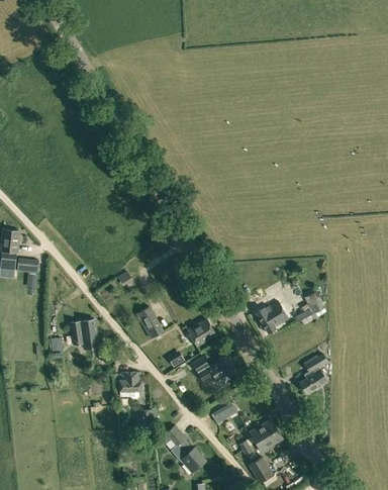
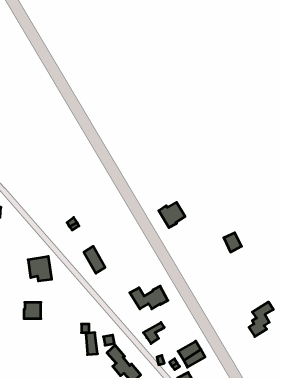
building: [256,303,287,333] -> [159,202,185,228]
building: [187,319,216,347] -> none
building: [299,353,328,394] -> [249,302,273,337]
building: [120,373,140,392] -> [24,302,41,319]

